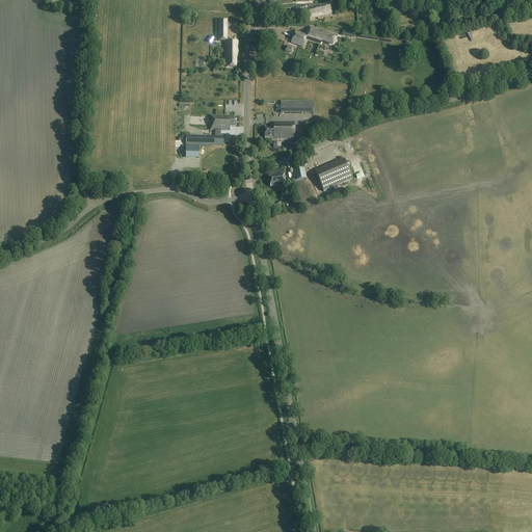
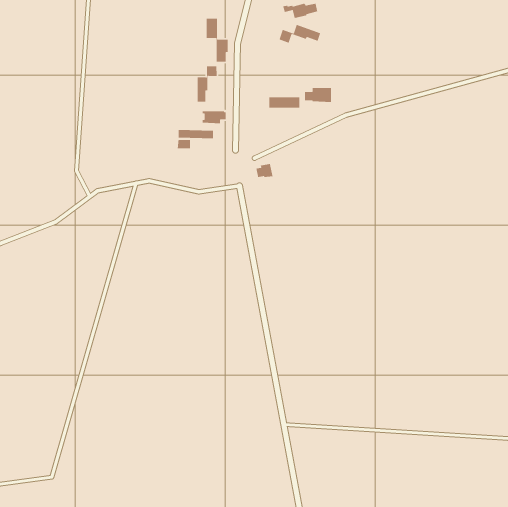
building: none -> [197,66,217,102]
building: [265,122,294,138] -> [304,87,332,103]
building: [315,158,352,191] -> none

